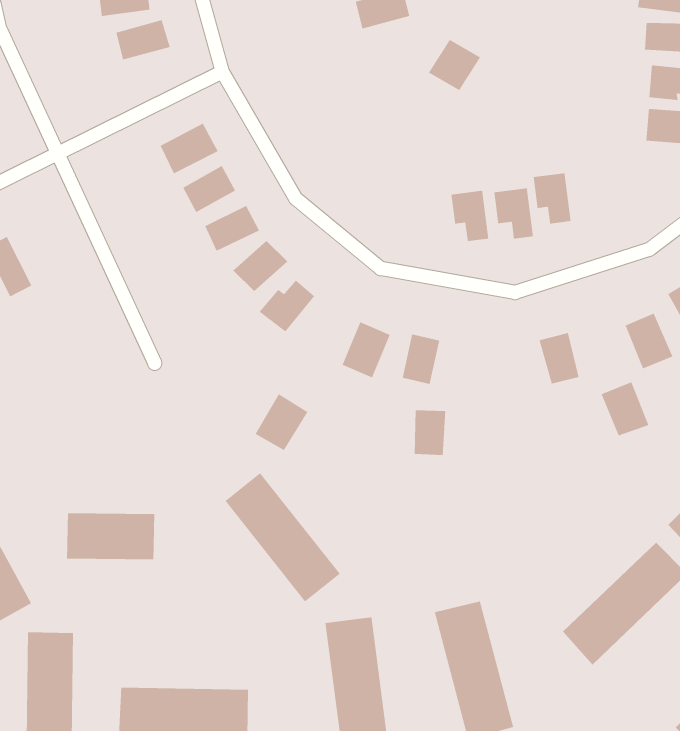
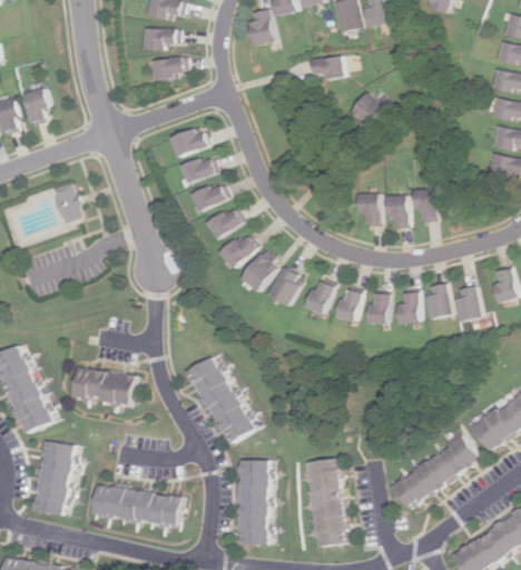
building: none -> [368,294,390,323]
building: [601,381,650,436] -> [425,284,454,318]
building: [254,393,309,451] -> [242,254,278,292]
building: [414,409,446,456] -> [338,288,363,321]

